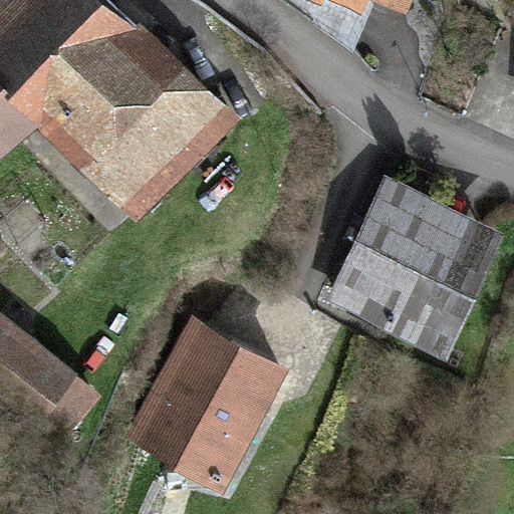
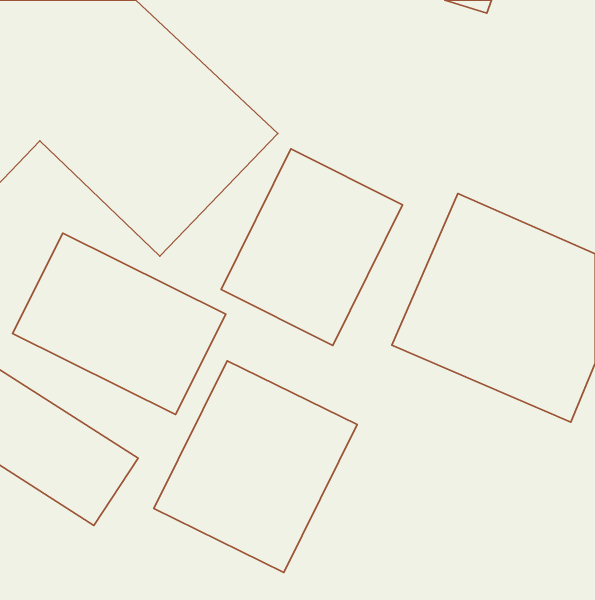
building: none -> [221,149,402,345]
building: none -> [12,233,226,414]

